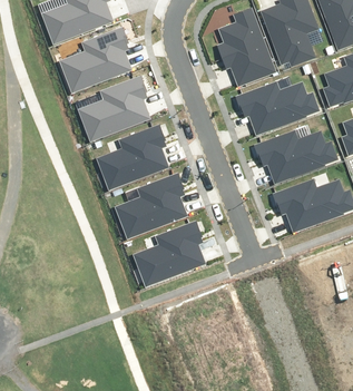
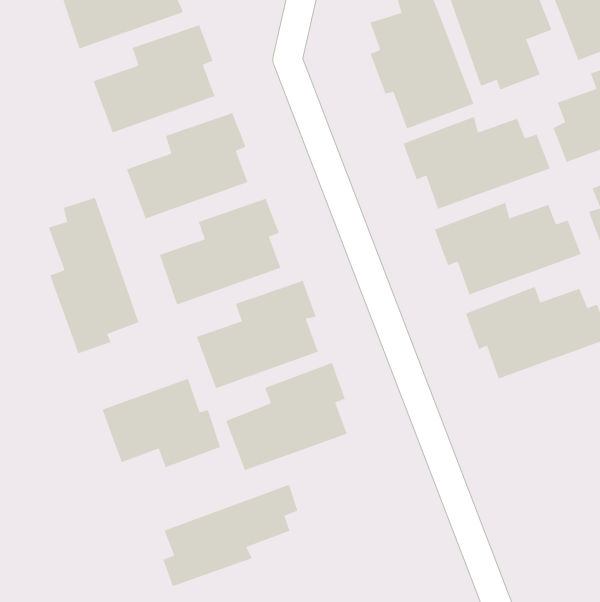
building: none -> [48,197,139,354]
building: none -> [101,378,221,468]
building: none -> [162,484,298,587]

